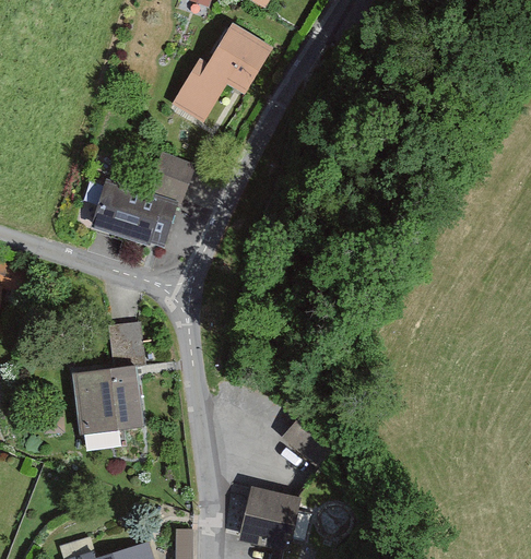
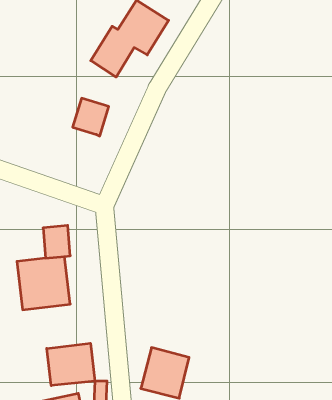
building: [90,178,178,248] -> none
building: none -> [47,343,95,386]

